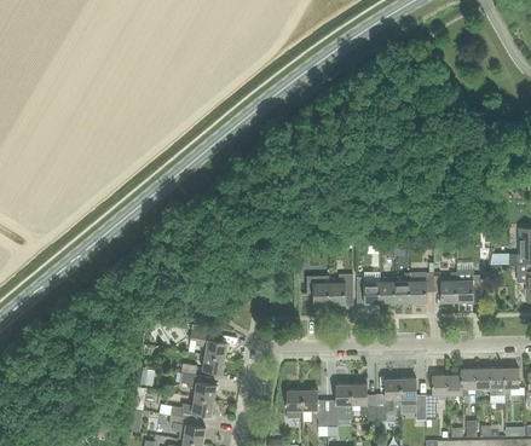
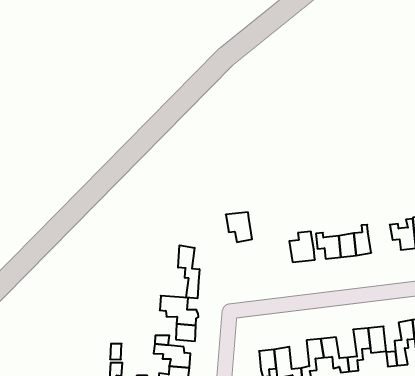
building: [410,272,434,302] -> none
building: none -> [178,245,199,298]
building: [306,276,330,305] -> [226,212,252,242]

